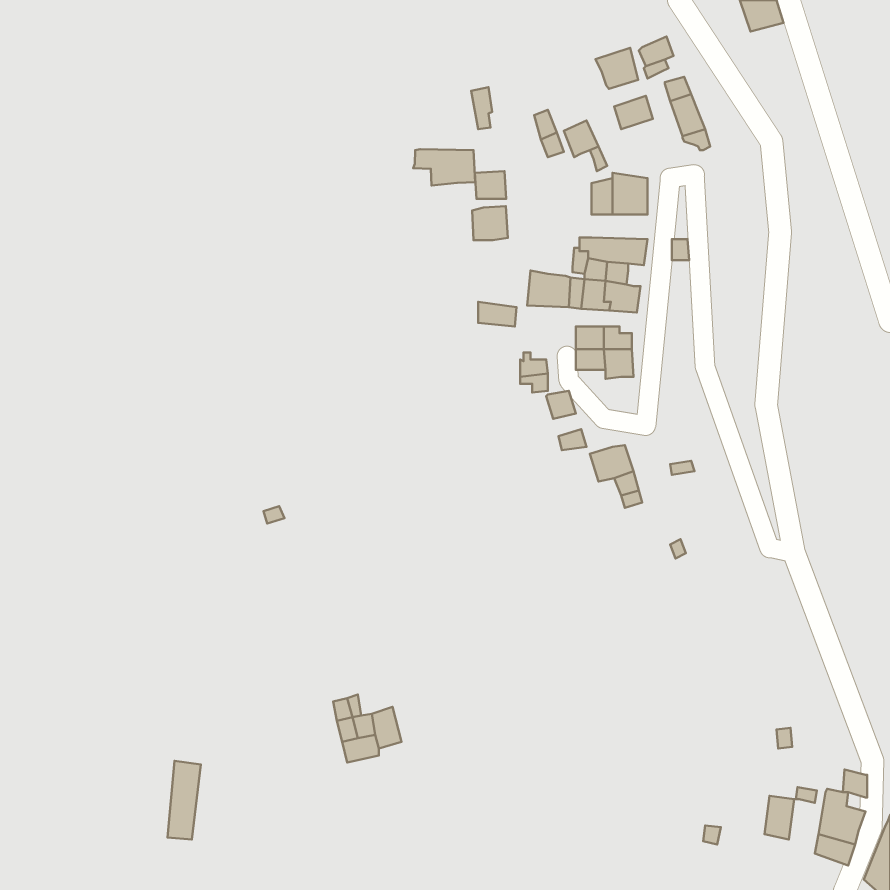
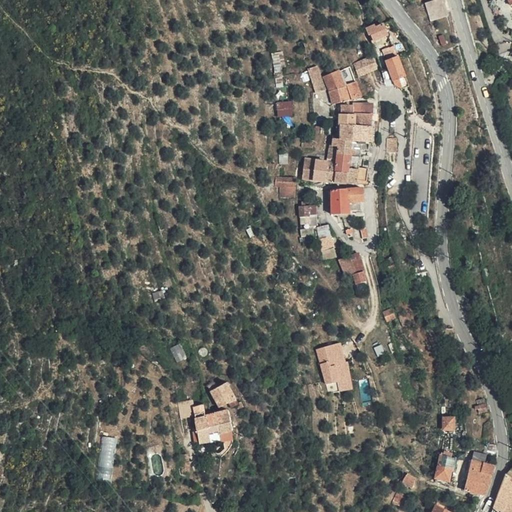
building: [596,48,638,89] -> none
building: [413,149,475,186] -> none
building: [472,206,508,240] -> none
building: none -> [339,124,371,138]
building: none -> [318,344,356,394]
building: none -> [209,378,235,403]

